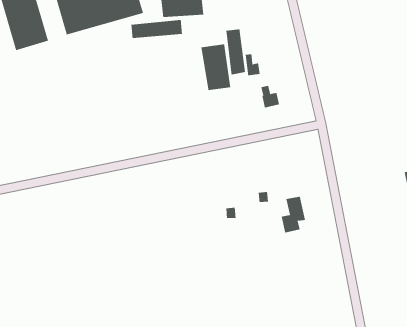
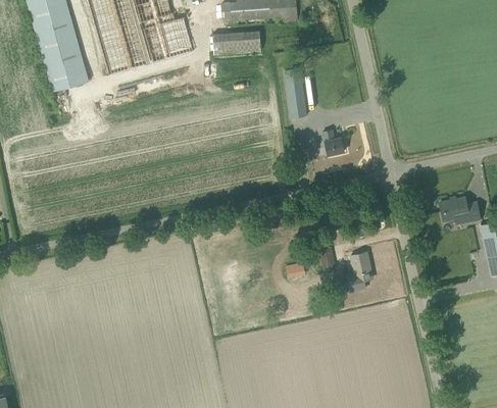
building: [131,19,183,39] -> none
building: [201,43,231,91] -> none
building: none -> [439,196,480,223]

